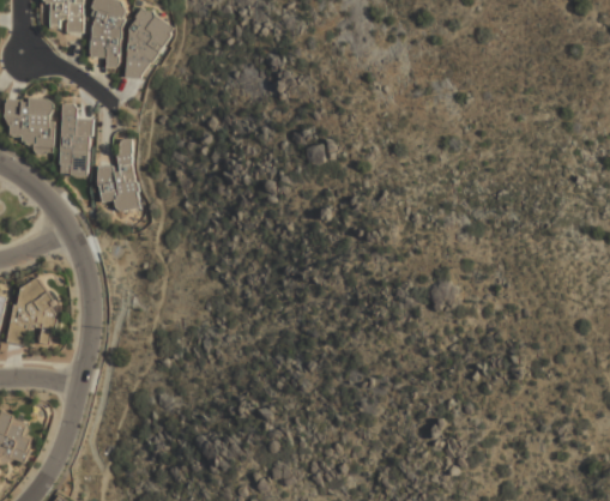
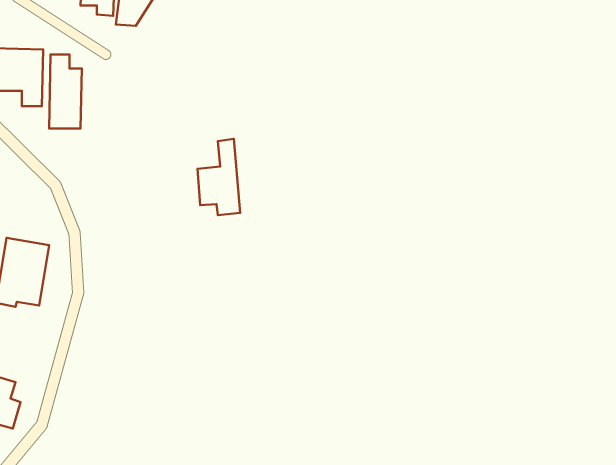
building: [97,138,138,211] -> [198,139,240,215]

